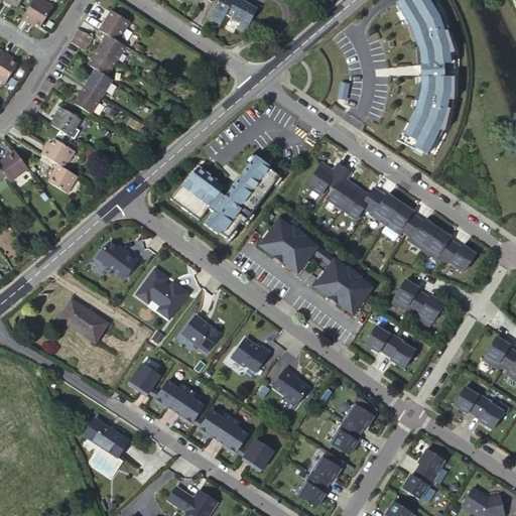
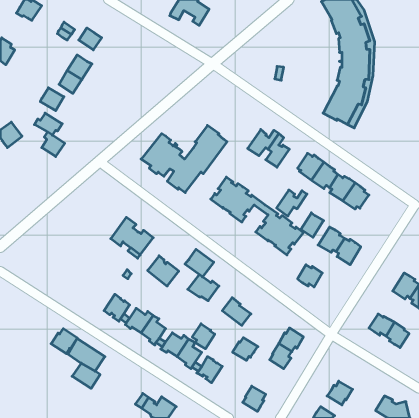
building: [99,8,130,40] -> none
building: [88,49,115,76] -> none
building: [341,183,378,216] -> [277,190,307,216]
building: [442,240,474,268] -> none
building: [97,241,138,277] -> none
building: none -> [301,213,324,237]
building: [59,298,108,342] -> none
building: none -> [185,249,214,277]
building: [386,336,415,367] -> none
building: none -> [192,324,215,349]
building: none -> [51,329,77,354]
building: [416,447,444,479] -> none
building: [309,457,341,485] -> [233,338,258,360]

